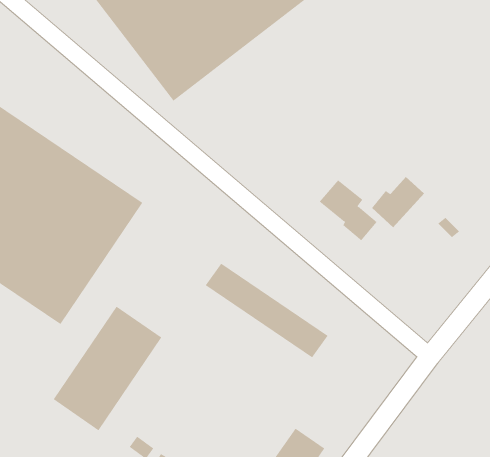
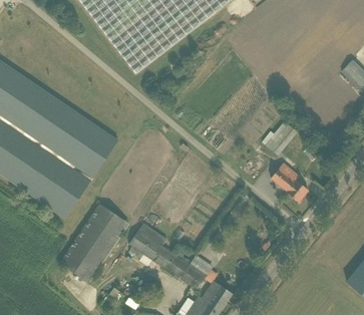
building: [319,179,377,241] -> [271,163,308,202]
building: [205,263,328,358] -> [128,229,207,289]

